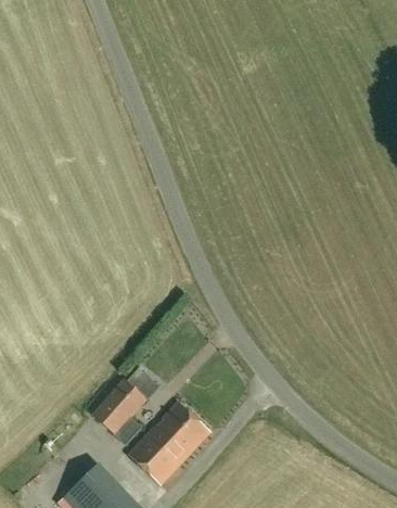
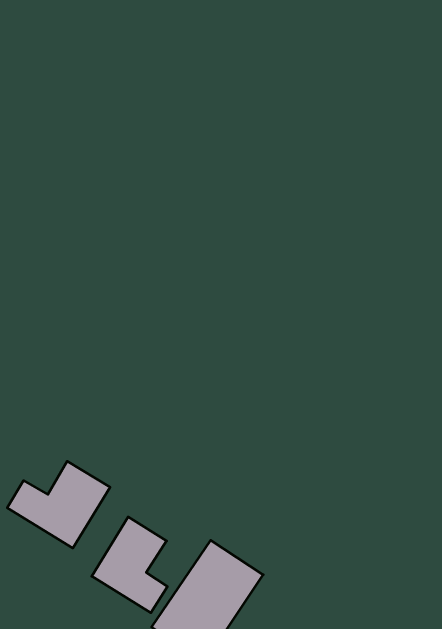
building: none -> [7,461,110,548]

